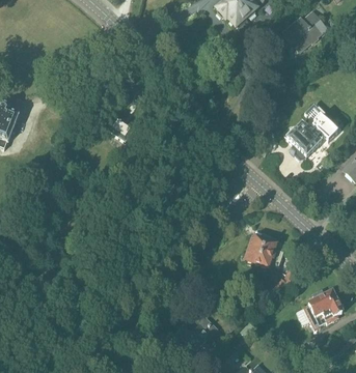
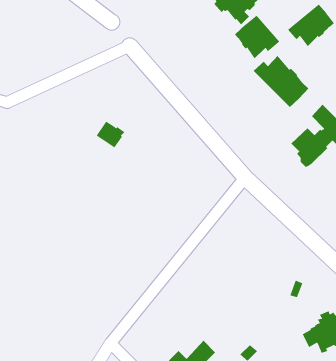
building: none -> [234,15,280,59]
building: none -> [253,55,309,108]
building: [245,236,285,268] -> none

